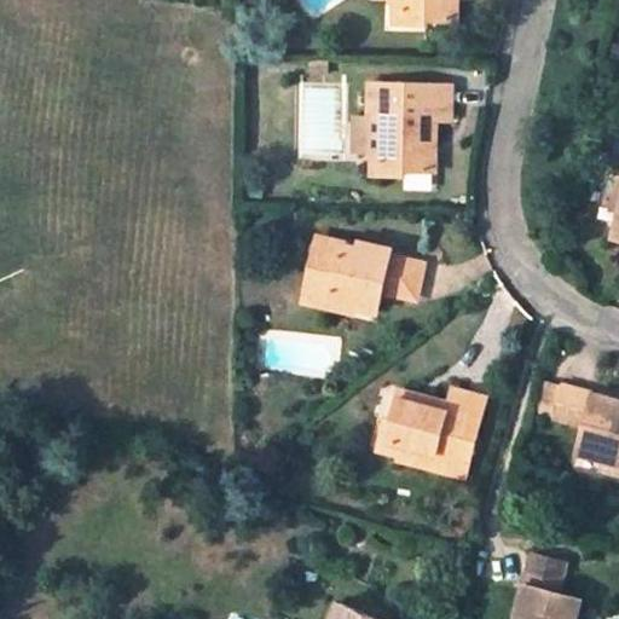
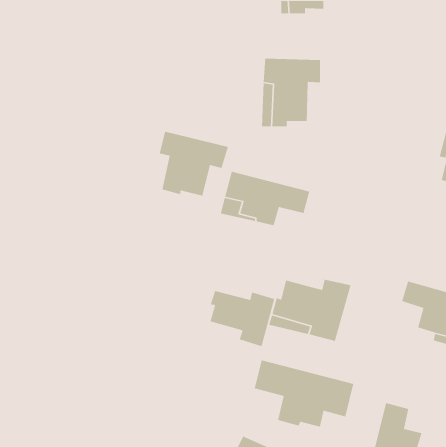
building: none -> [159,131,229,196]
building: none -> [210,290,275,347]
building: none -> [254,359,354,427]

